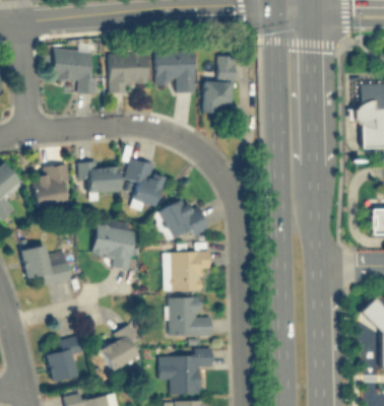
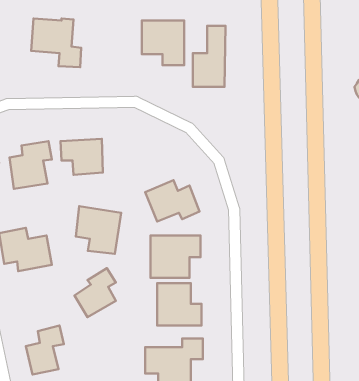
building: [109,54,148,92] -> none
building: [127,161,159,207] -> none
building: [100,325,138,370] -> [74,268,116,317]

